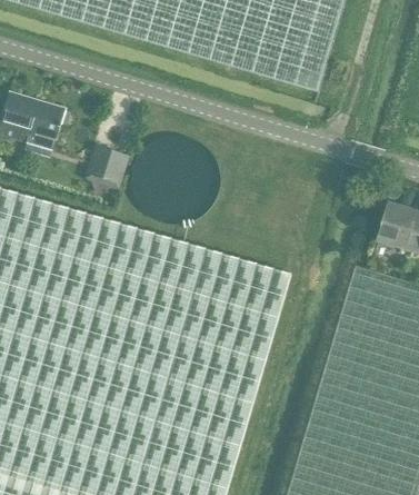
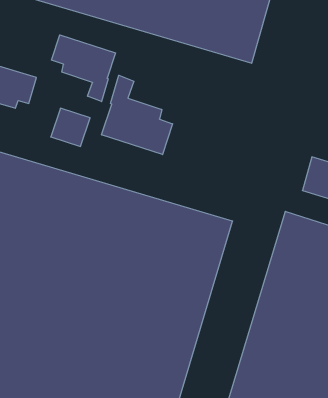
building: none -> [51,35,115,102]
building: none -> [102,75,173,155]

